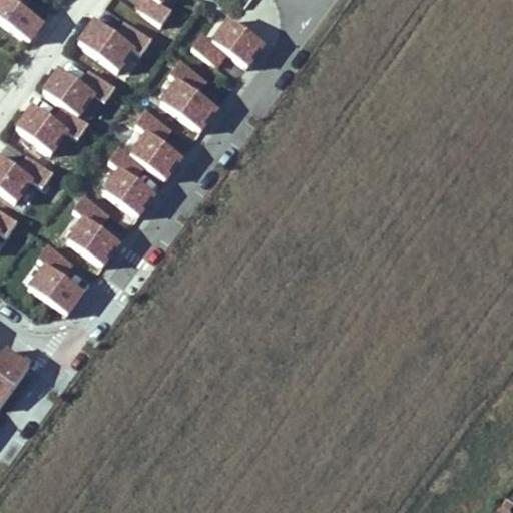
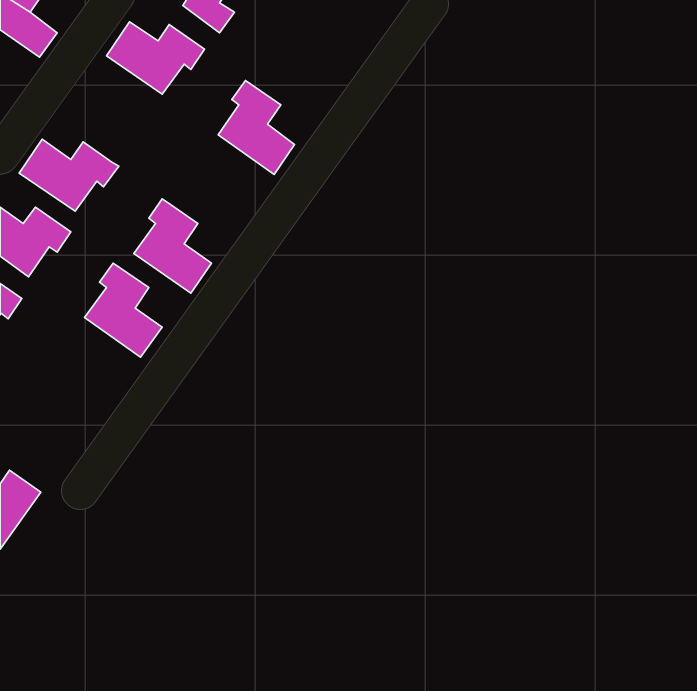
building: [191,15,266,66] -> none
building: [41,65,113,119] -> none
building: [125,109,182,179] -> none
building: [27,243,84,314] -> none

